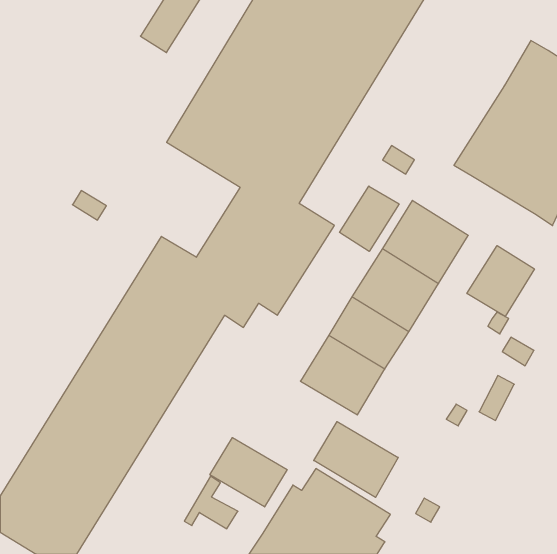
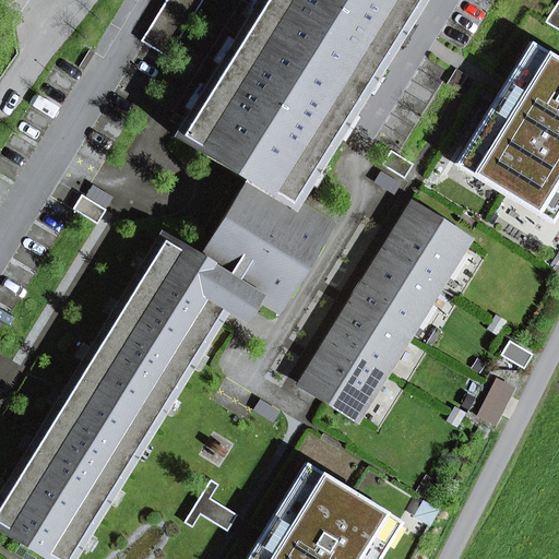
building: [340,186,399,251] -> none
building: [467,246,534,317] -> none
building: [314,422,398,497] -> none
building: [210,438,287,507] -> none

